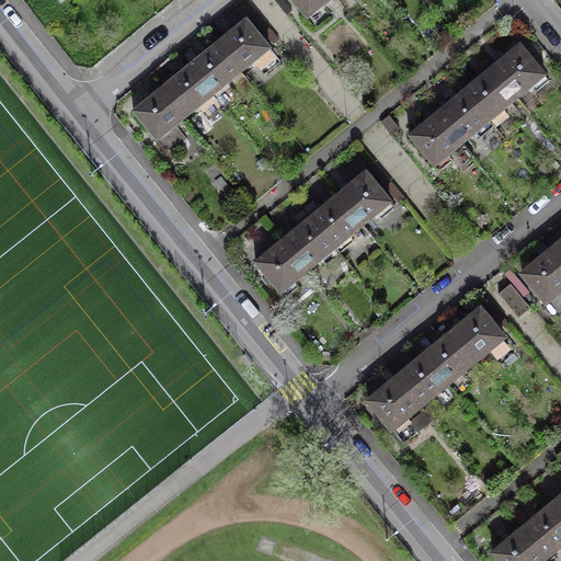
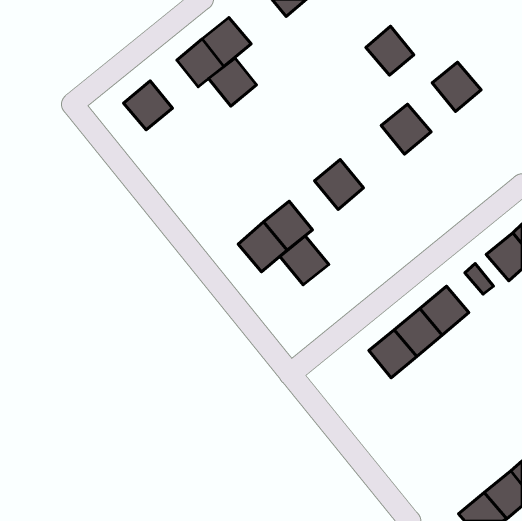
building: [491,43,545,96] -> none
building: [161,65,213,116] -> [209,58,257,106]
building: [437,89,489,141] -> [366,26,414,75]
building: [310,194,363,247] -> [280,236,329,285]
building: [367,376,420,428] -> none

